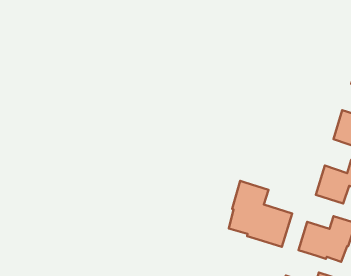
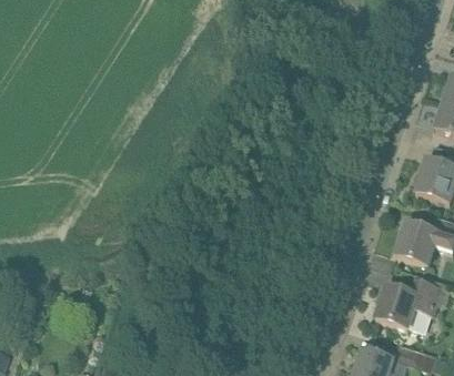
building: [229,181,292,247] -> none

